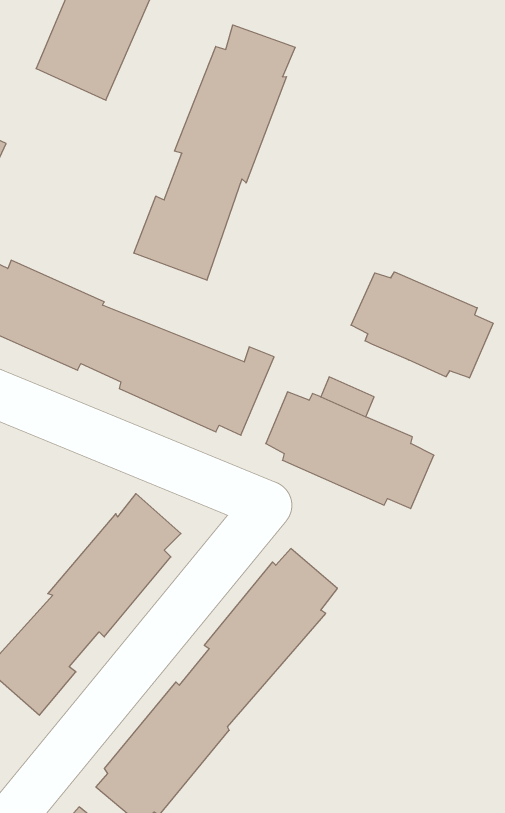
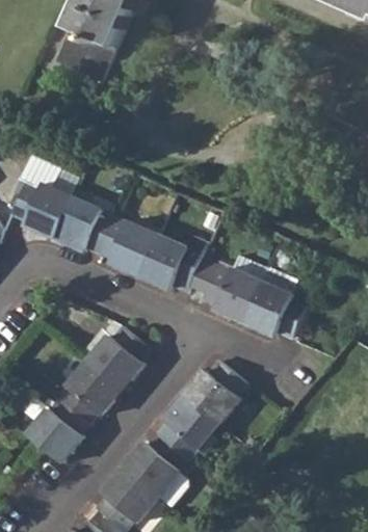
building: [134,25,295,280] -> none
building: [351,272,493,378] -> none

